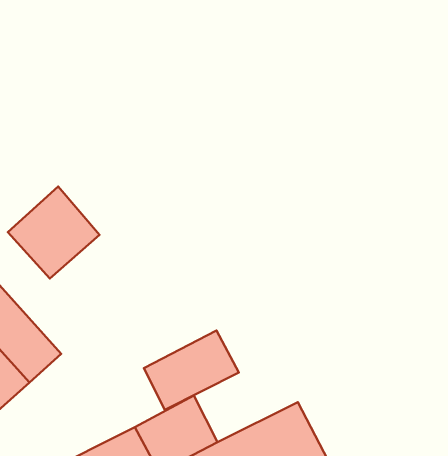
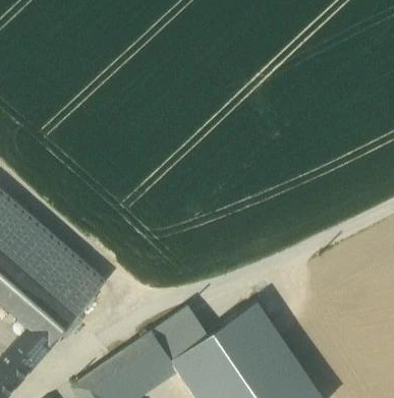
building: [8,187,99,279] -> none
building: [144,330,239,410] -> none

